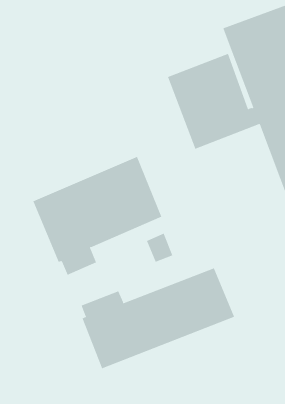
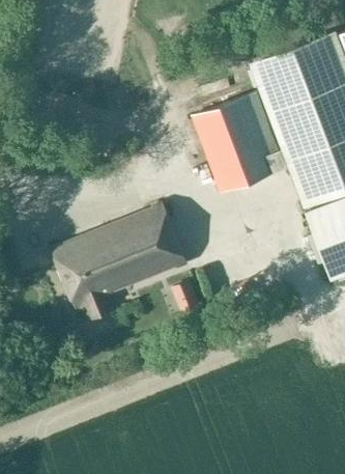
building: [81,267,235,369] -> none

